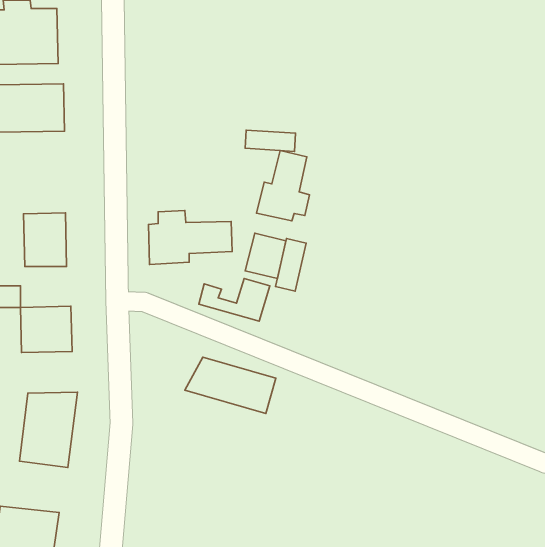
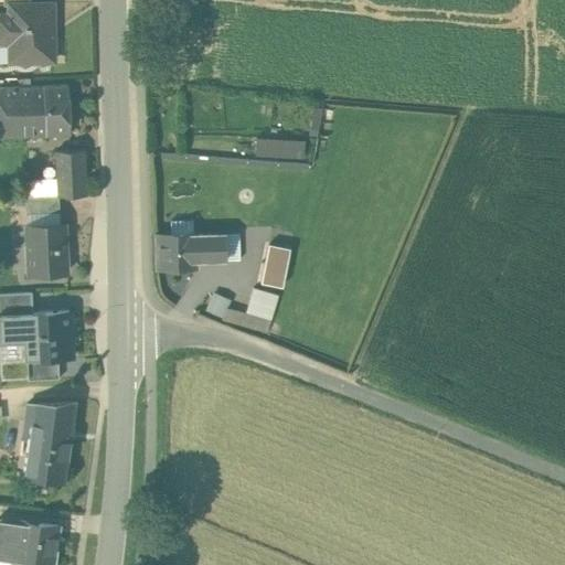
building: none -> [34,152,84,199]
building: [257,151,310,221] -> none
building: [275,239,306,291] -> none
building: [185,357,276,413] -> none

